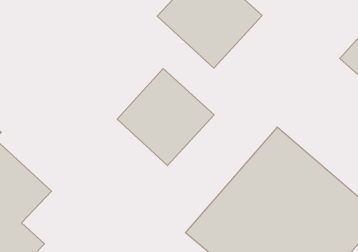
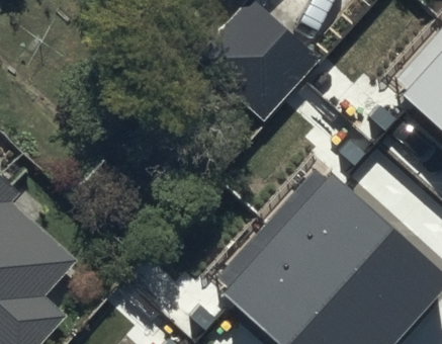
building: [117,69,214,166] -> none

